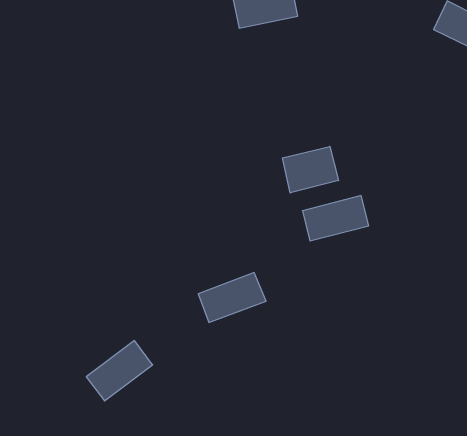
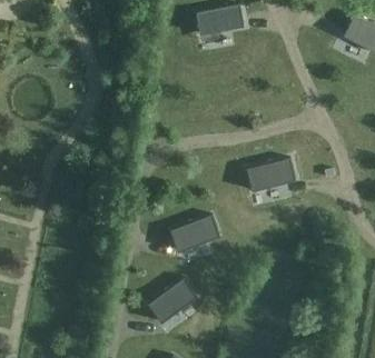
building: [282,146,338,193] -> none
building: [86,341,153,401] -> [148,278,197,322]

